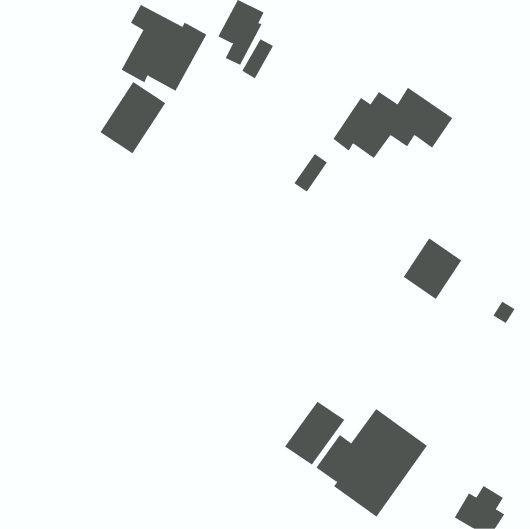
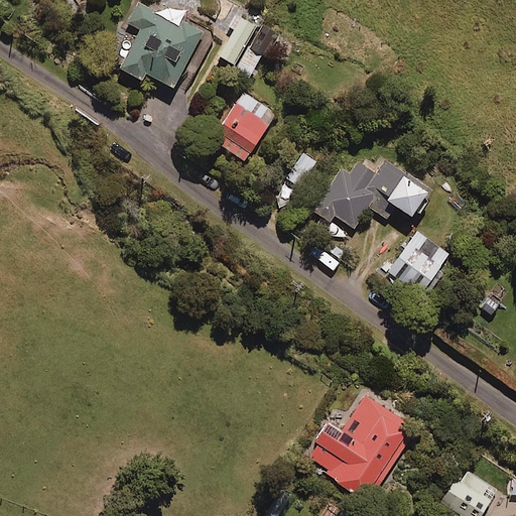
building: [99,81,166,154] -> [213,90,277,160]
building: [333,87,453,159] -> [313,158,430,228]
building: [284,401,345,466] -> none

